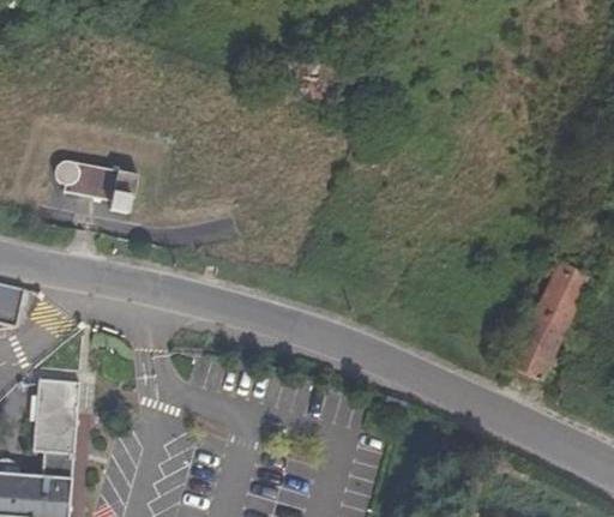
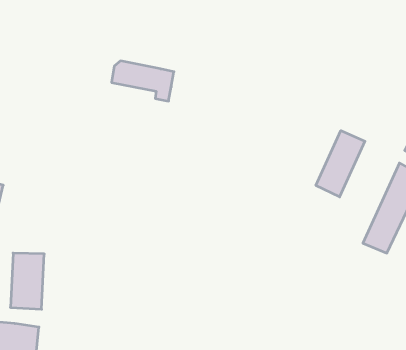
building: [50,160,134,214] -> [112,61,174,101]
building: none -> [316,131,365,197]

